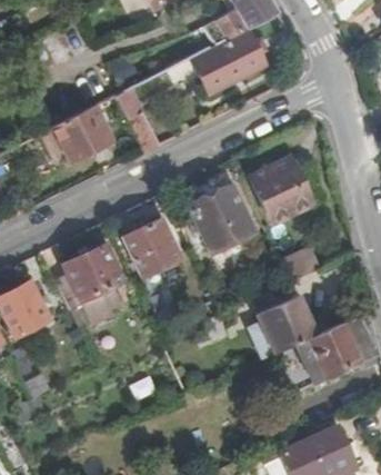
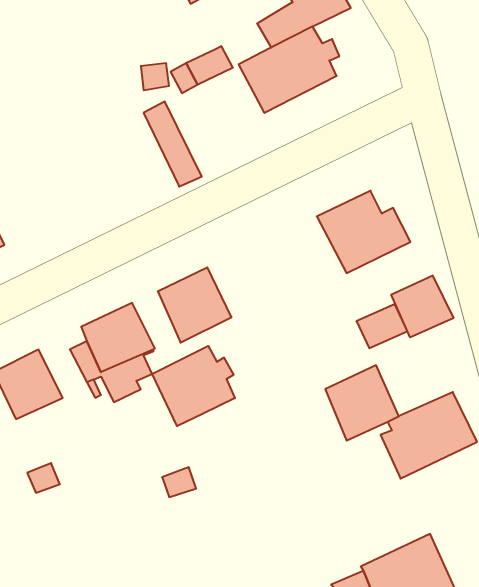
building: [53,106,112,161] -> none
building: [192,186,255,251] -> none
building: none -> [391,276,453,337]
building: none -> [152,346,235,426]

